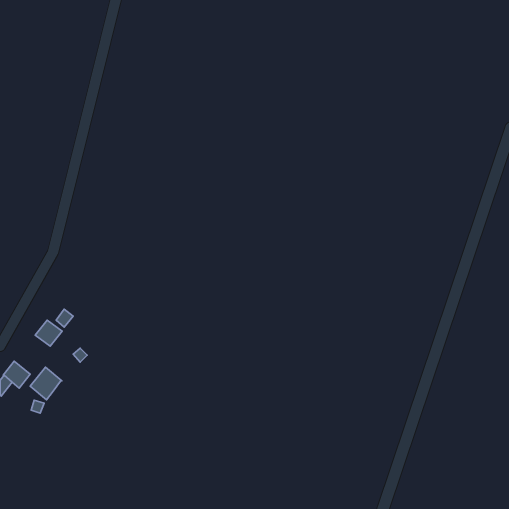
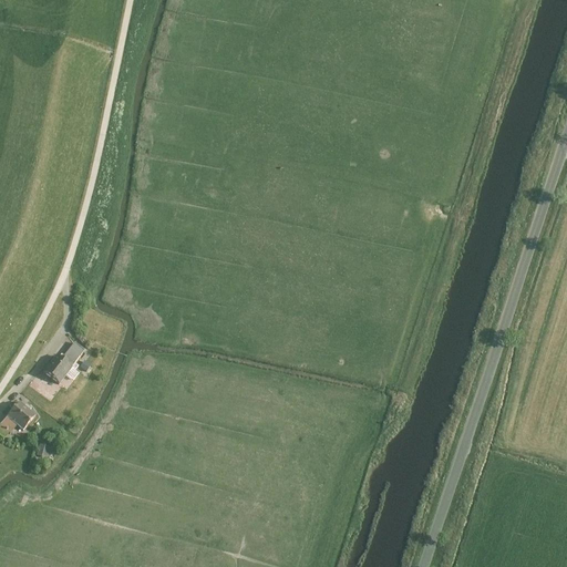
building: [30,367,62,400] -> none

